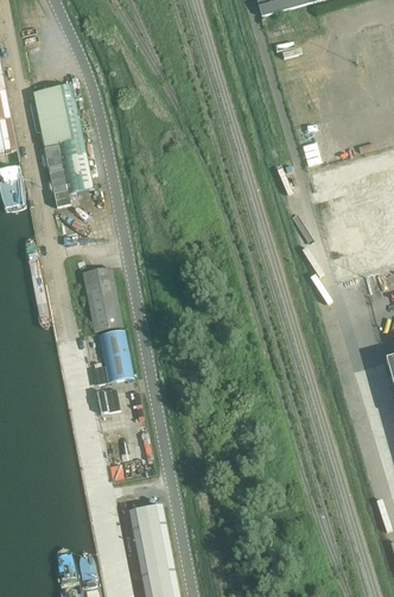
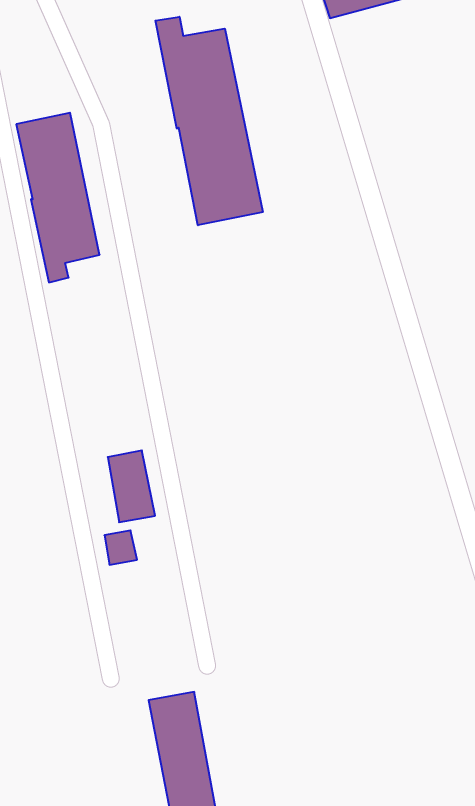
building: none -> [155,17,263,225]
building: [77,266,122,330] -> none

